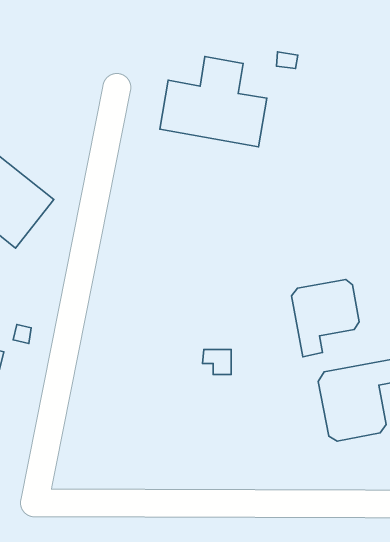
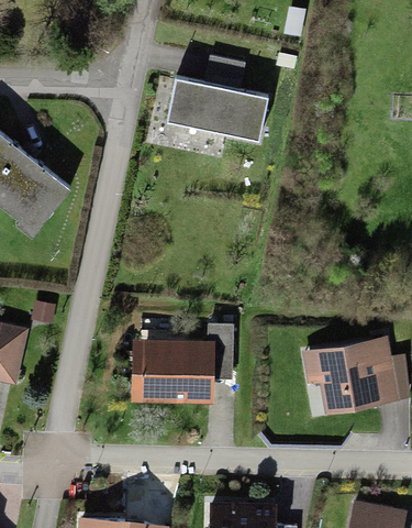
building: [291,280,359,357] -> none
building: none -> [142,345,211,400]

